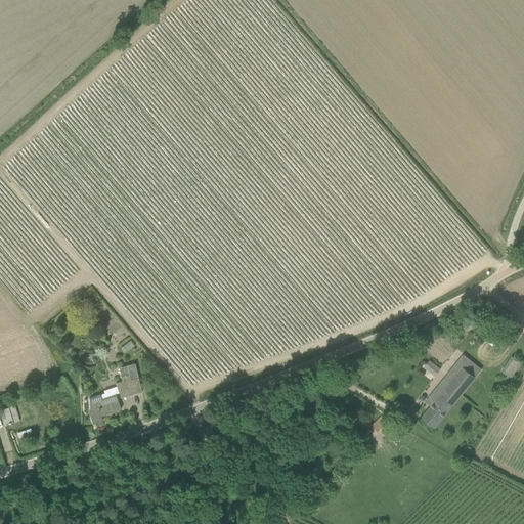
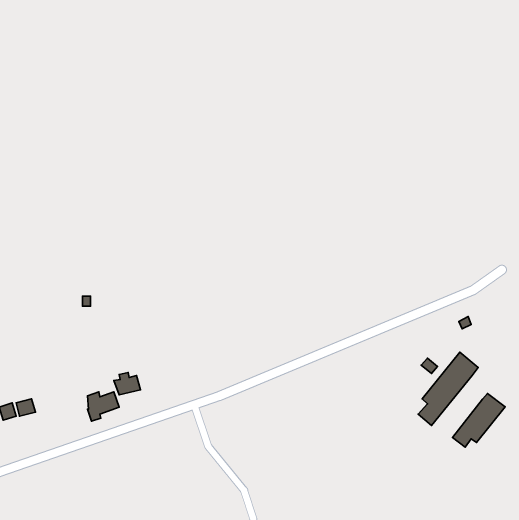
building: none -> [452,393,505,447]

